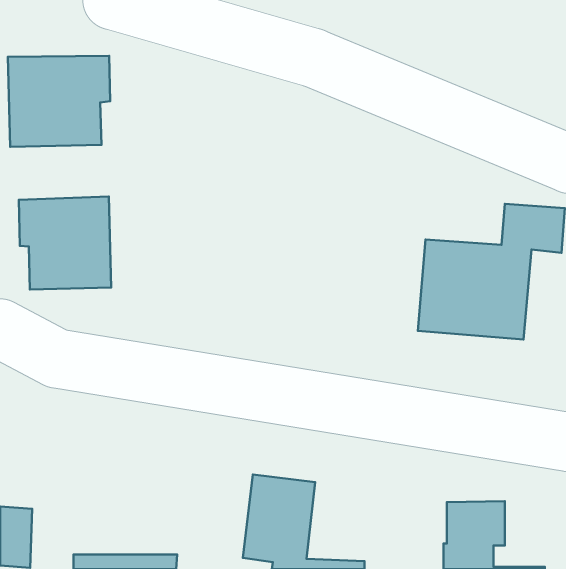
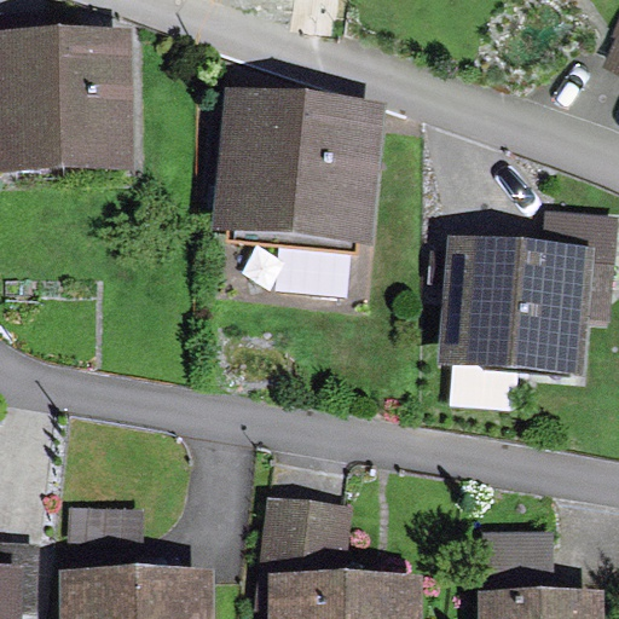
building: none -> [215,121,364,256]
building: [19,196,111,289] -> none

